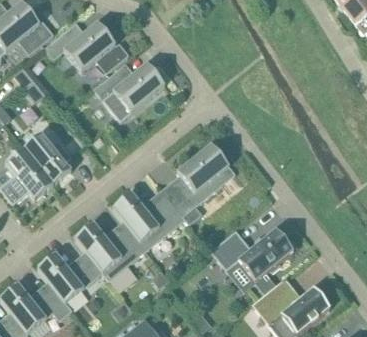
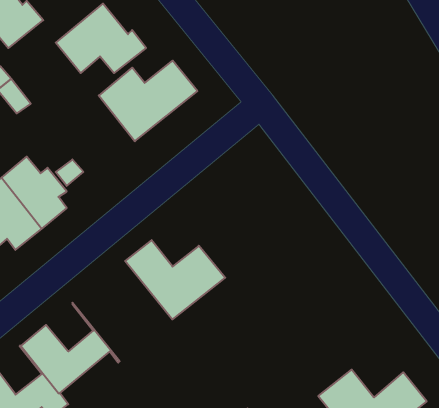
building: [166,144,235,219] -> none
building: [75,207,147,279] -> none
building: [210,230,293,283] -> none

